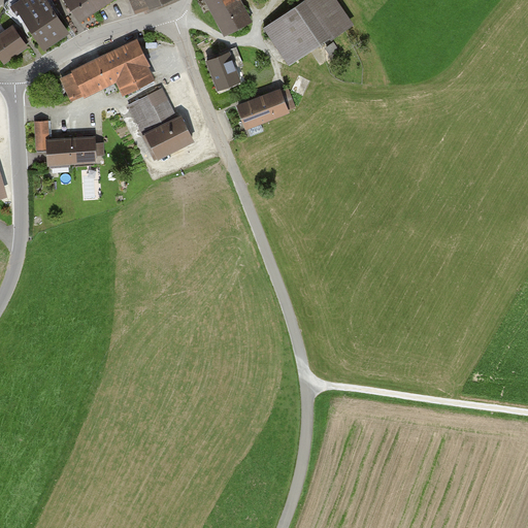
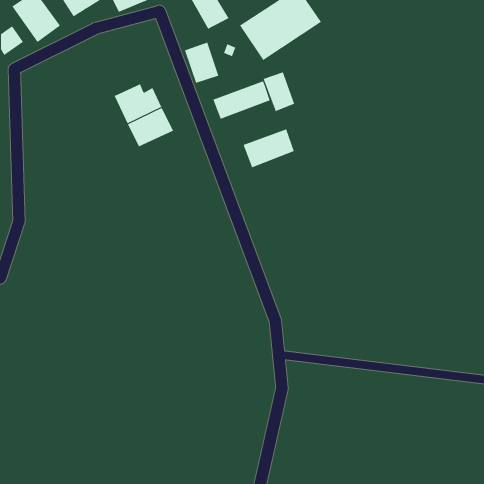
building: [64,40,158,98] -> none
building: none -> [263,72,295,112]
building: [36,121,98,163] -> none
building: none -> [243,128,295,168]

